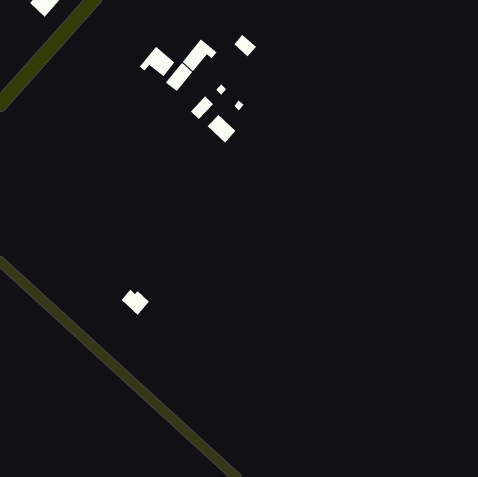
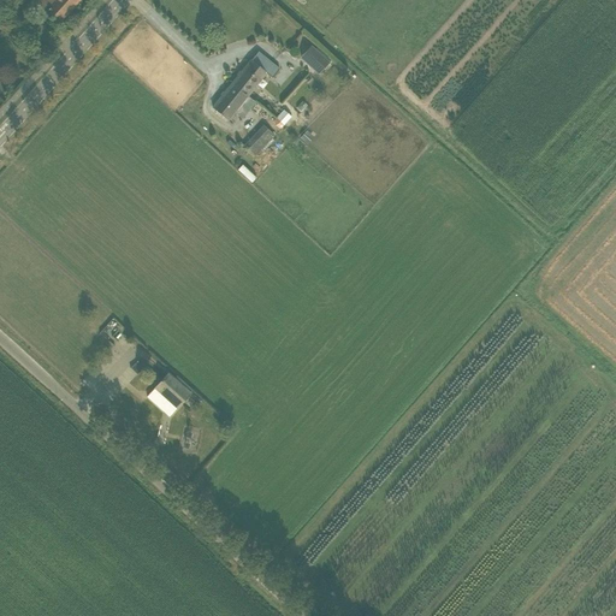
building: [139,46,175,77] -> none
building: [207,114,236,144] -> none

